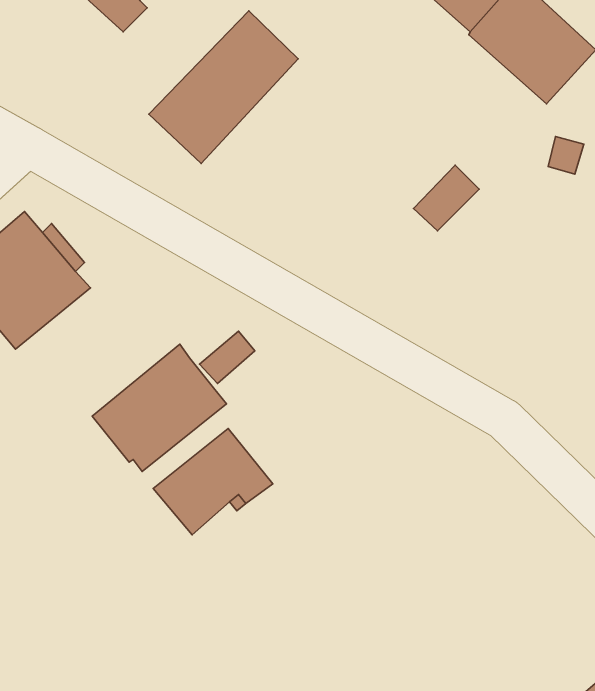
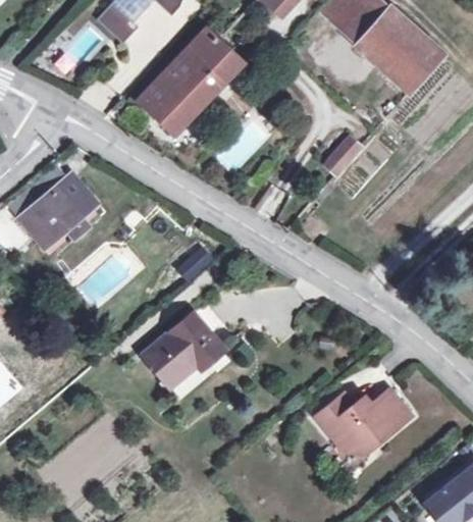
building: [92,344,226,472] -> none
building: none -> [315,389,410,453]

